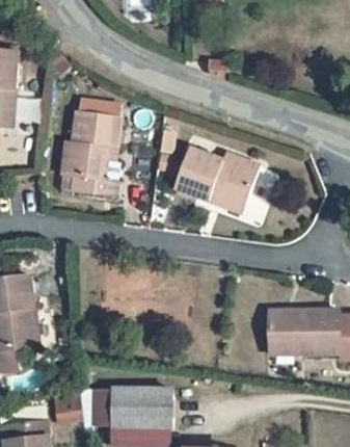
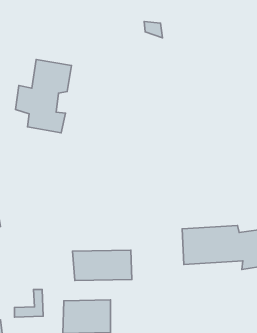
building: [167,144,242,194] -> none
building: none -> [73,250,132,281]

